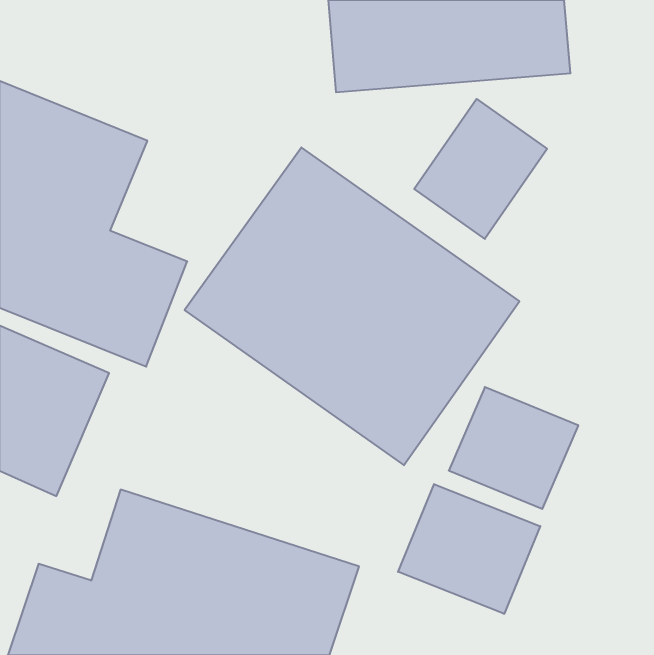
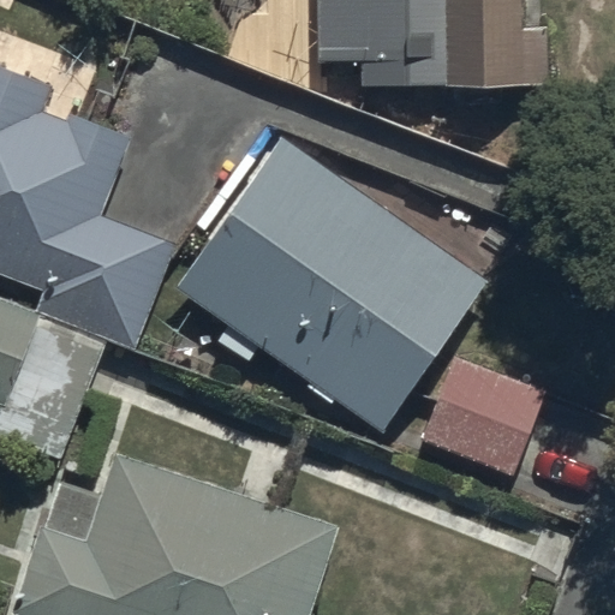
building: [414,99,547,239] -> none
building: [398,484,540,614] -> none

